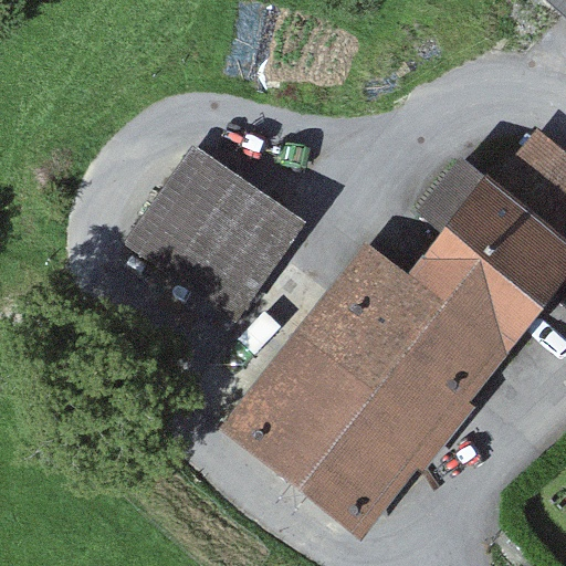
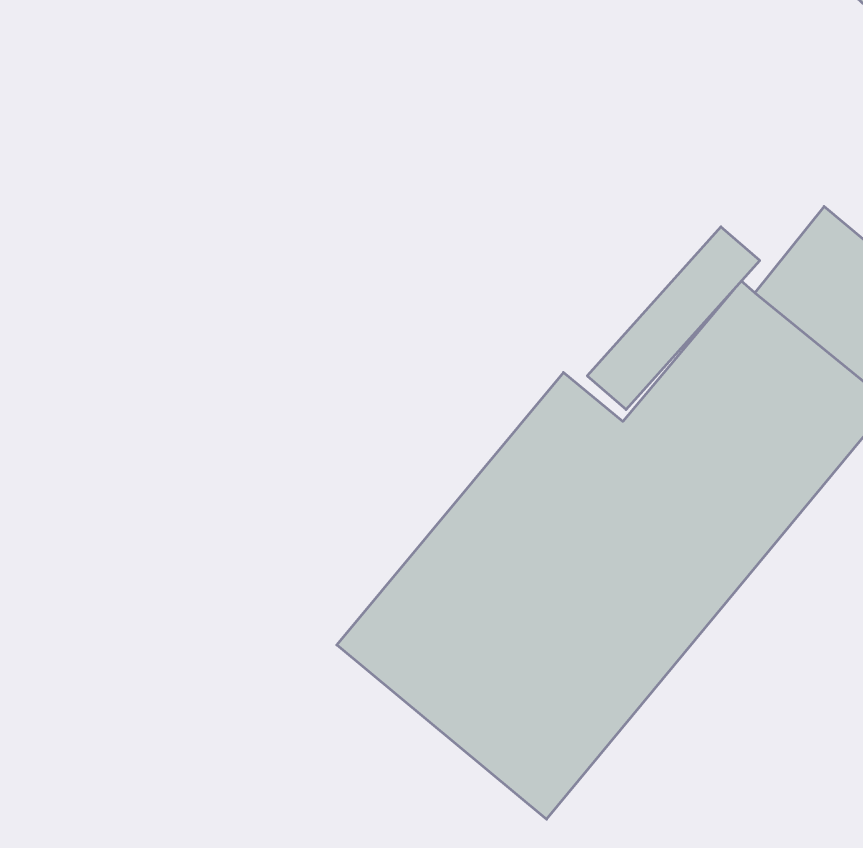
building: [125,151,300,321] -> none

